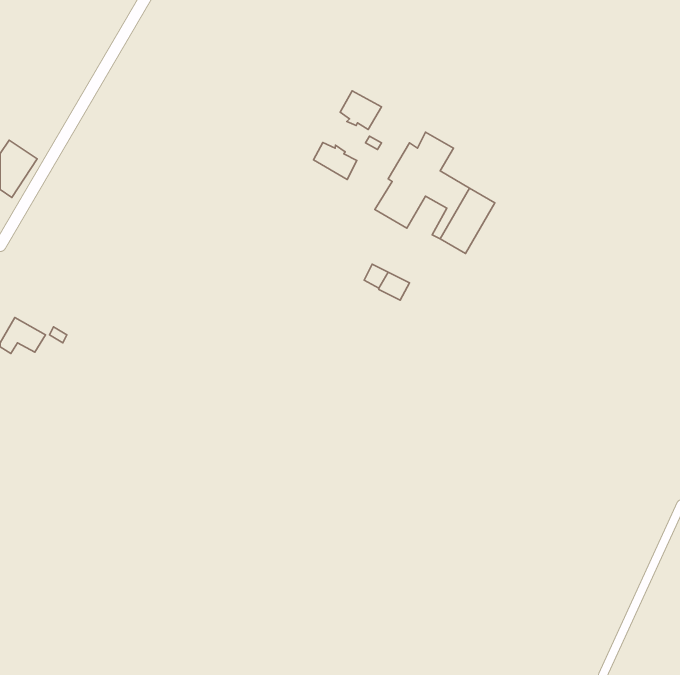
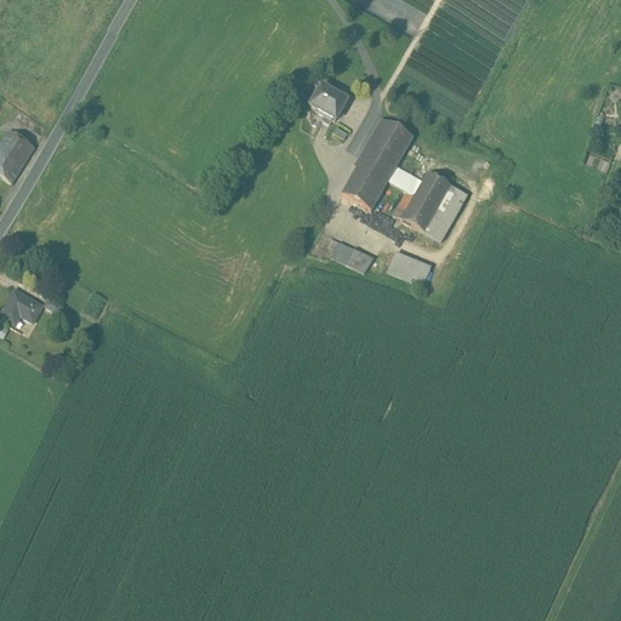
building: [313,143,357,179] -> none
building: none -> [425,184,468,240]
building: none -> [386,250,431,285]

